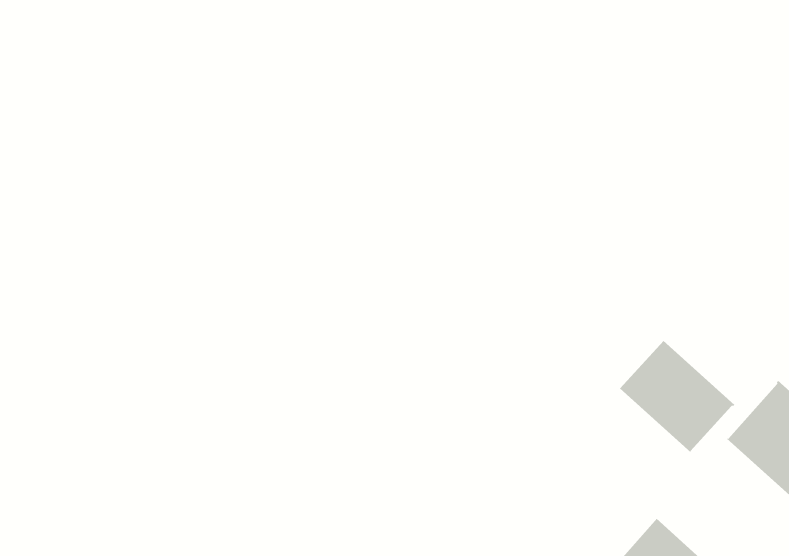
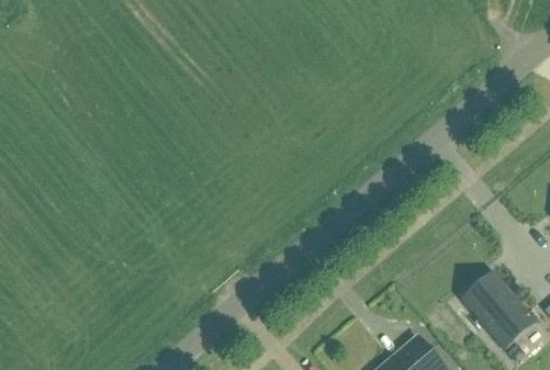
building: [619,340,735,453] -> none

